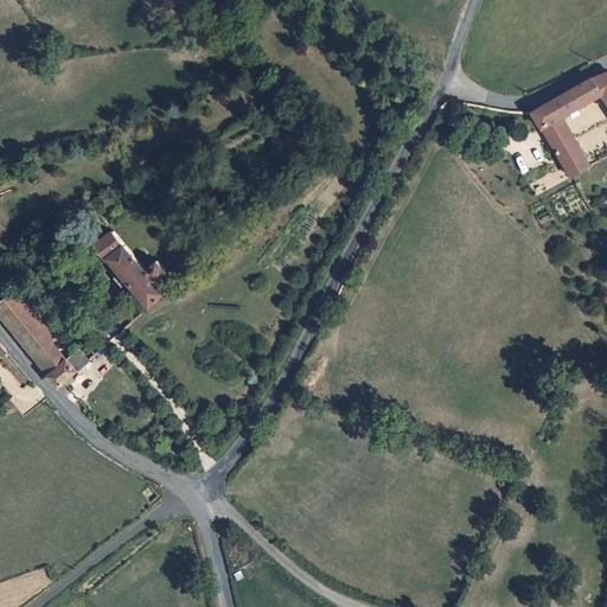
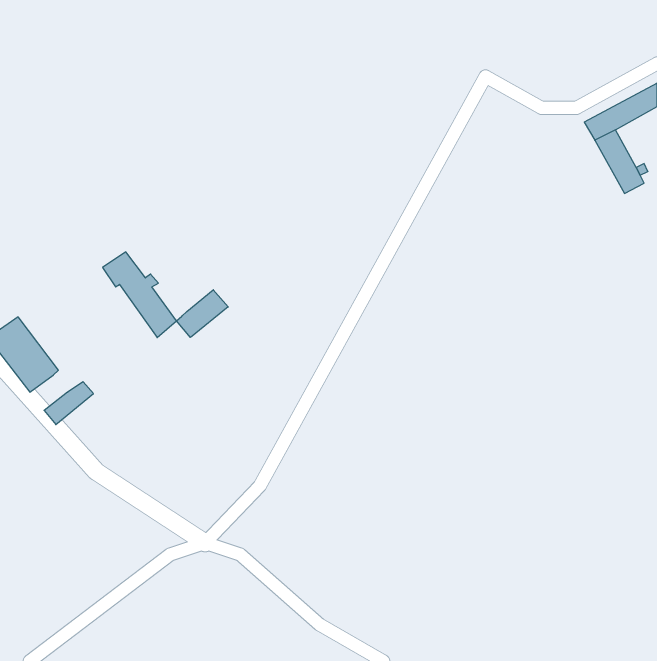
building: none -> [177,290,228,337]
building: [27,343,62,375] -> none

